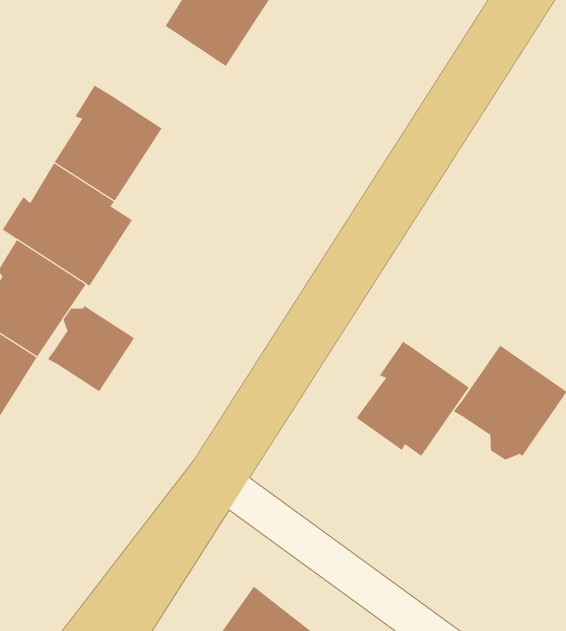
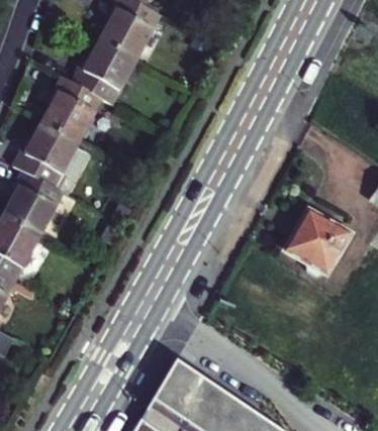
building: none -> [72,37,137,108]
building: [47,305,135,392] -> none
building: [356,341,470,457] -> none

